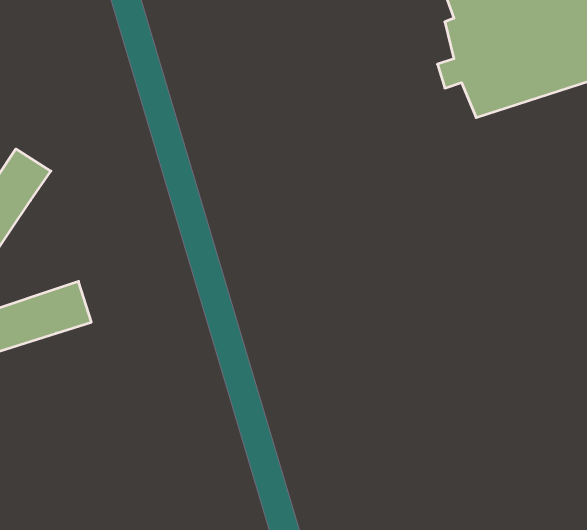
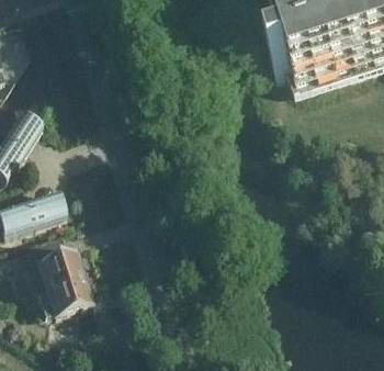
building: none -> [37,248,92,315]

